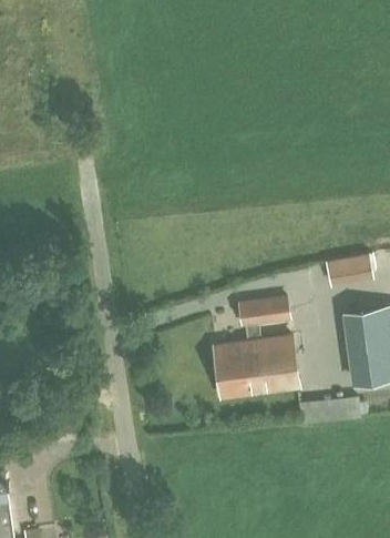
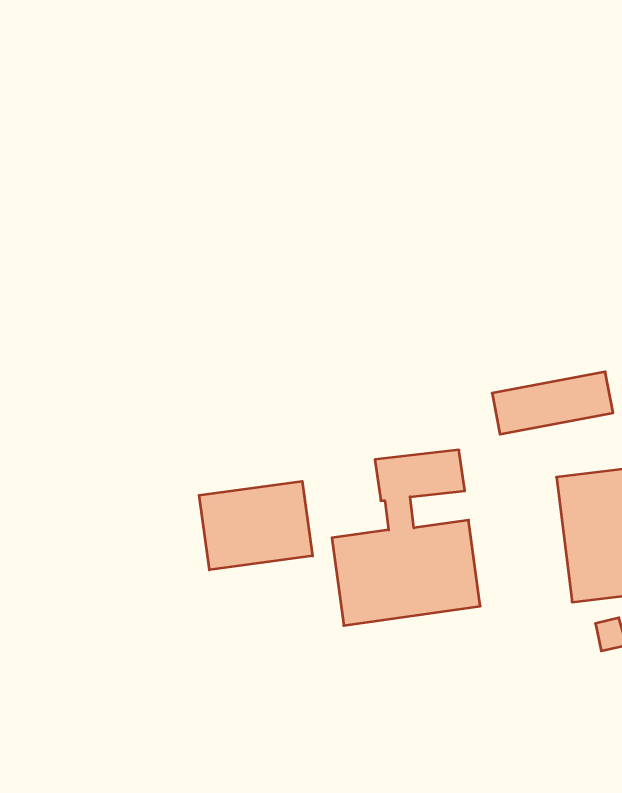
building: none -> [199,481,313,570]

